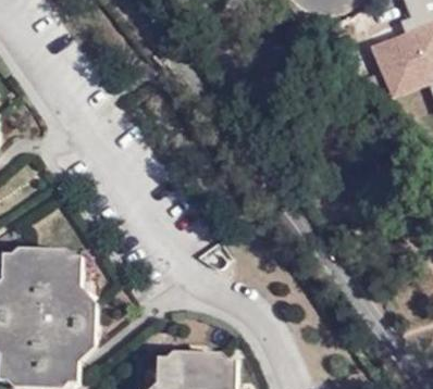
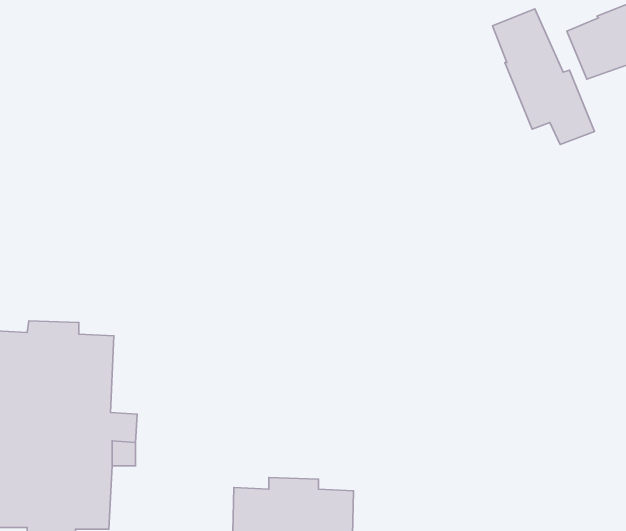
building: none -> [492,9,594,144]

